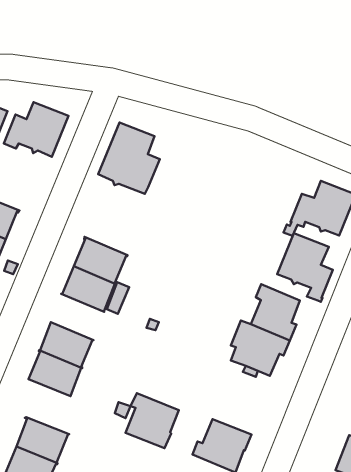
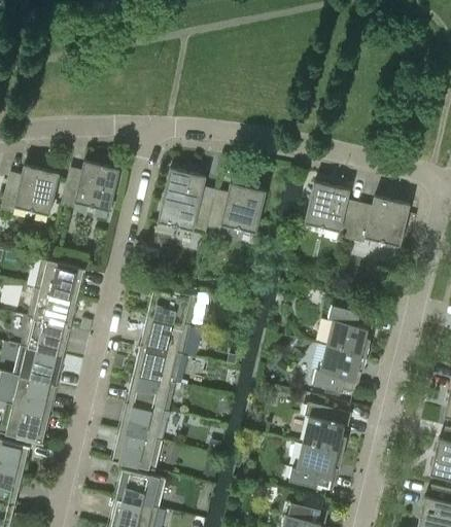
building: none -> [207,183,266,234]
building: [277,233,333,302] -> [304,182,357,245]
building: none -> [132,344,182,384]
building: none -> [110,431,162,471]
building: [126,393,179,448] -> [303,403,351,453]

